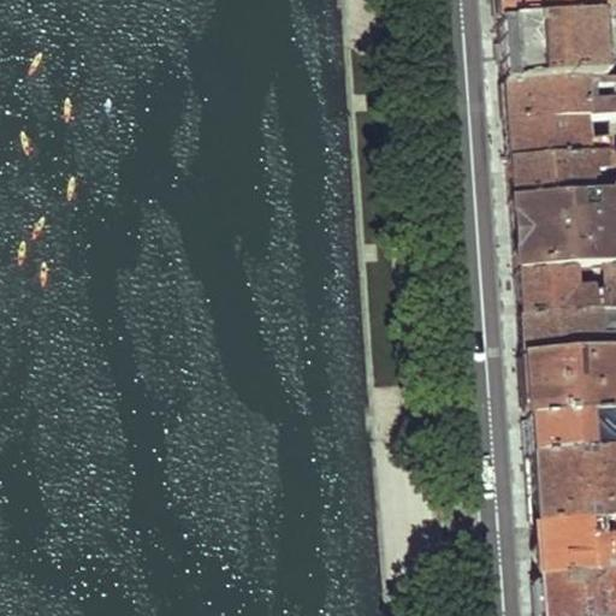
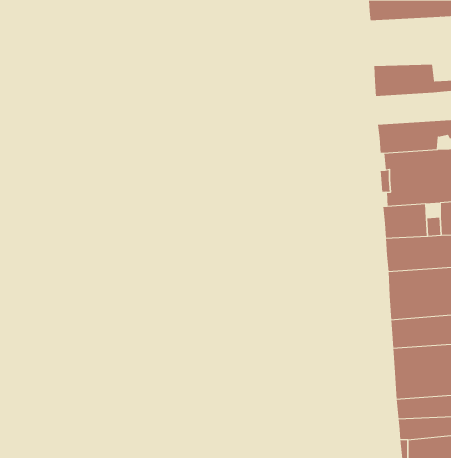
building: [507,26,604,91] -> none
building: [514,128,593,170] -> none

